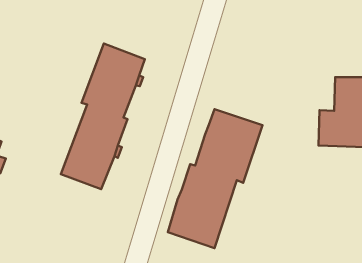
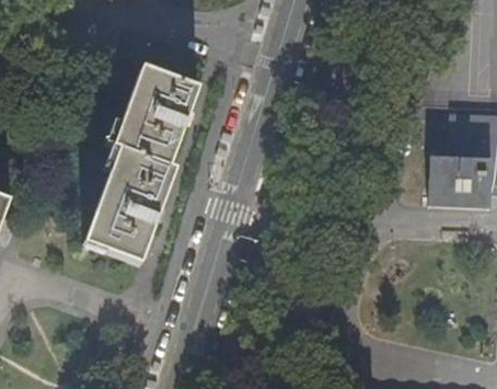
building: [168,109,262,248] -> none

